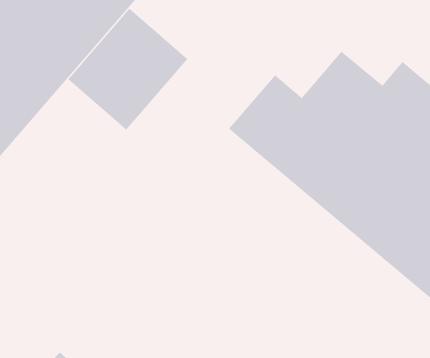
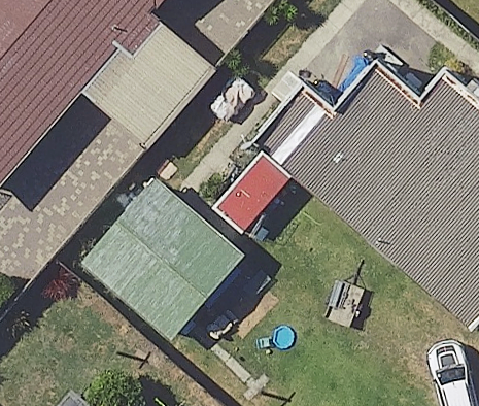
building: none -> [81,174,247,339]

